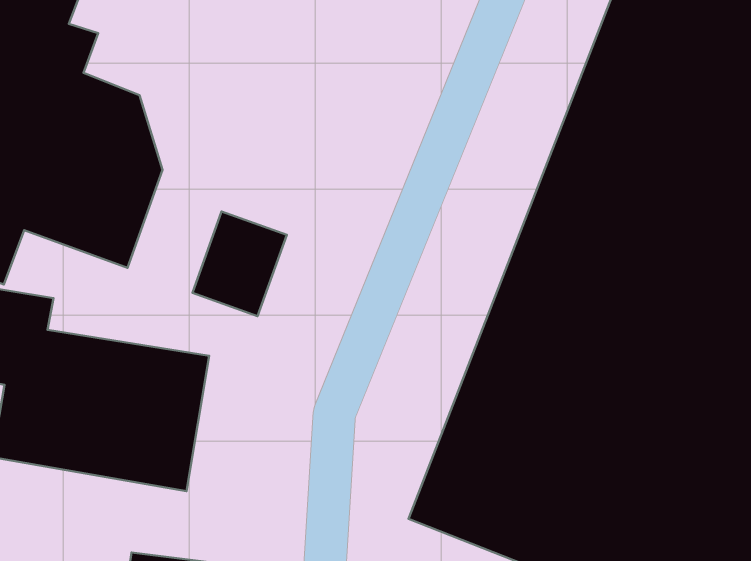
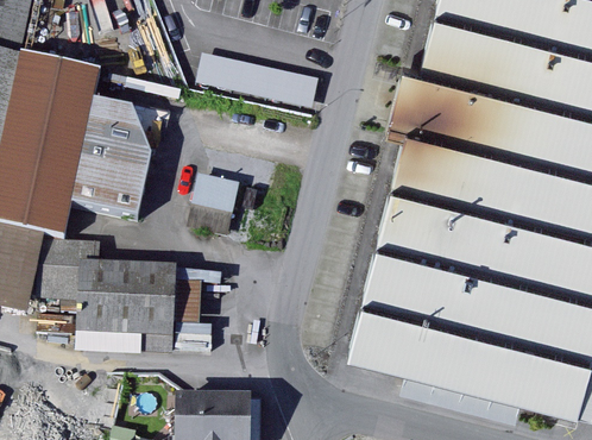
building: none -> [195,59,317,107]

